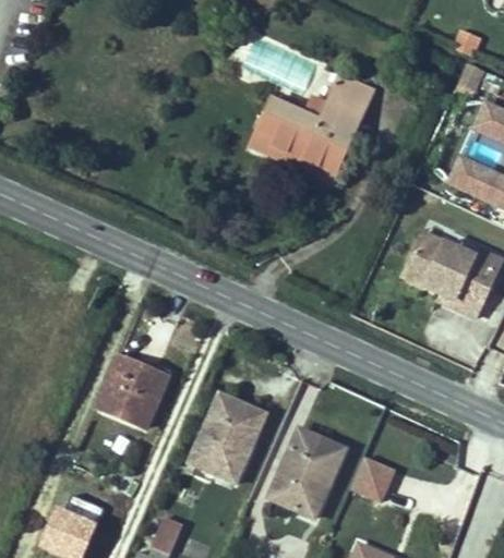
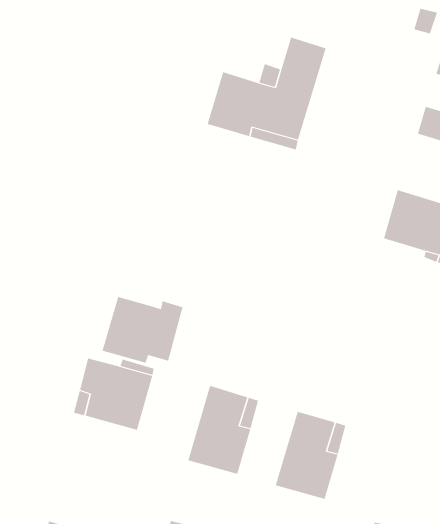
building: none -> [102,296,183,363]
building: [350,452,398,501] -> none

